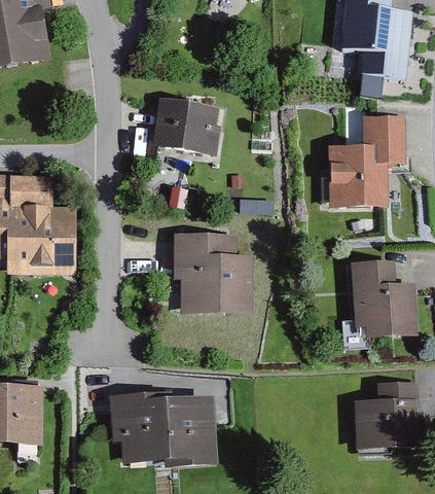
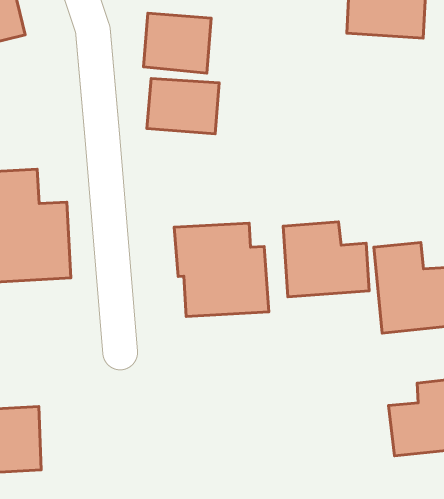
building: none -> [144,13,211,73]
building: [328,114,404,209] -> none
building: none -> [283,222,369,297]
building: [111,392,218,460] -> none

